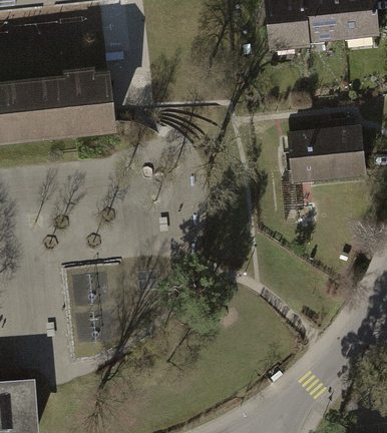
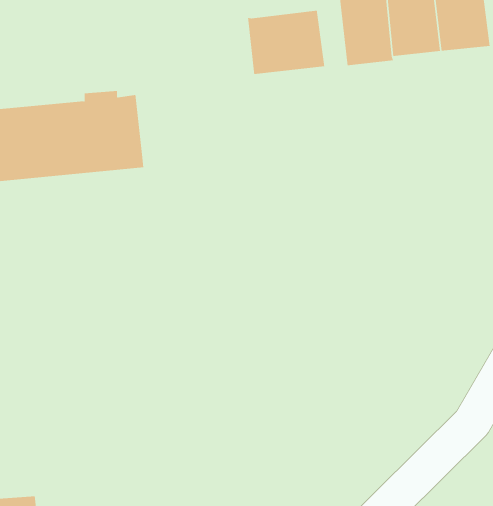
building: none -> [247,10,325,75]
building: [286,125,365,184] -> none

